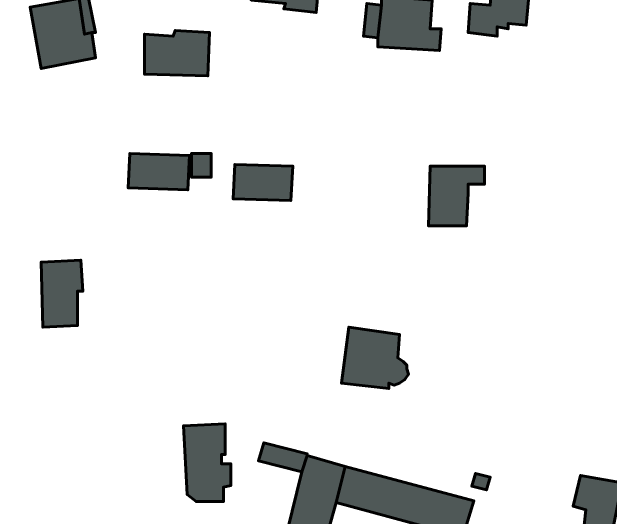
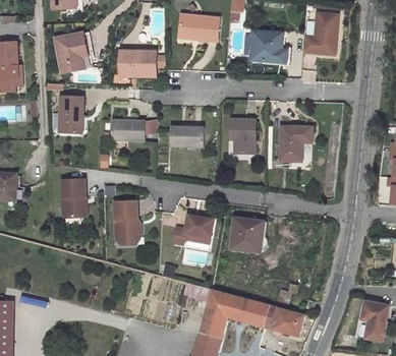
building: none -> [59,96,83,131]
building: none -> [230,119,254,152]
building: none -> [173,214,213,244]
building: [184,424,231,502] -> [114,200,140,244]

